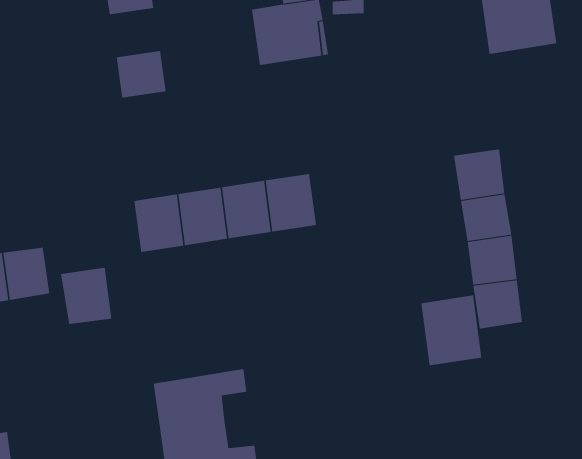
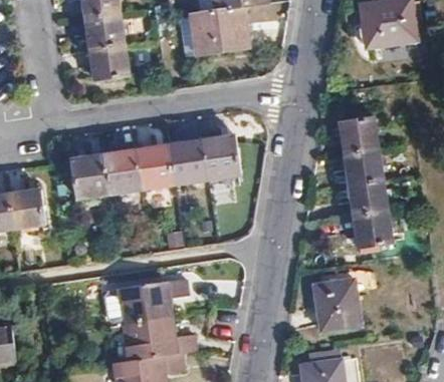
building: none -> [85,13,124,49]
building: [60,267,112,324] -> [70,154,108,197]
building: [421,295,482,366] -> [314,278,360,330]

